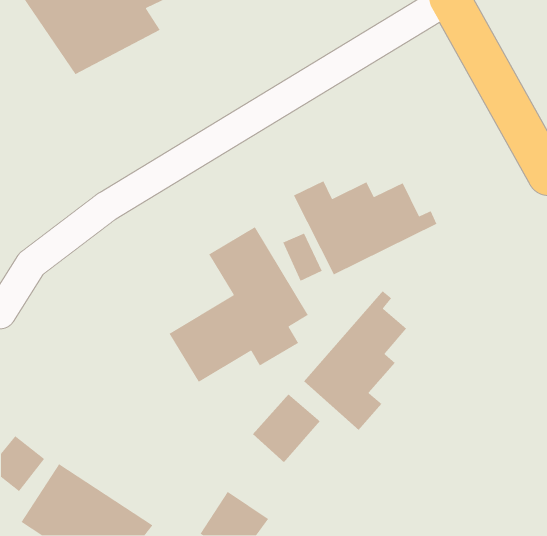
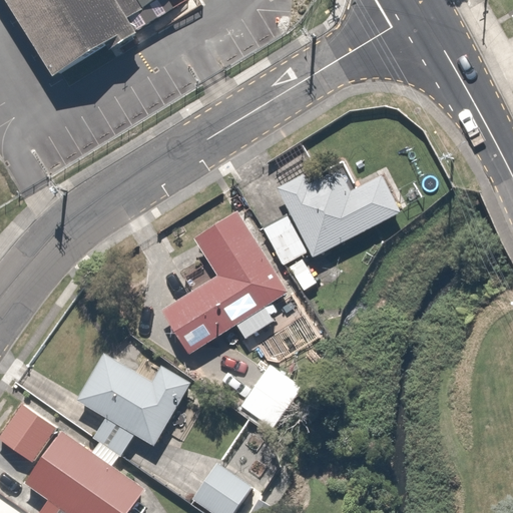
building: [303,290,407,431] -> none
building: none -> [61,344,192,458]

